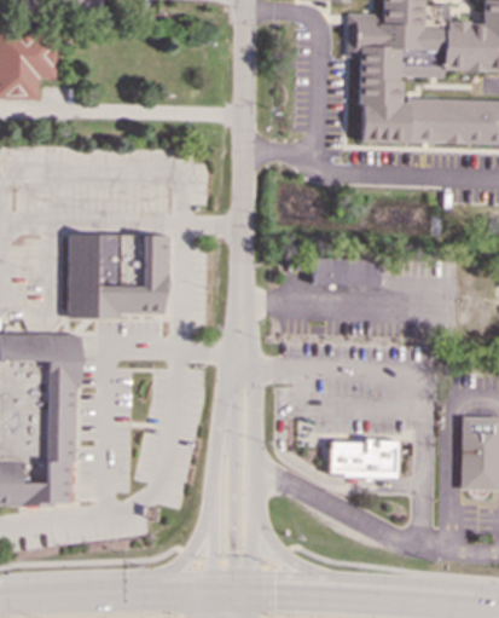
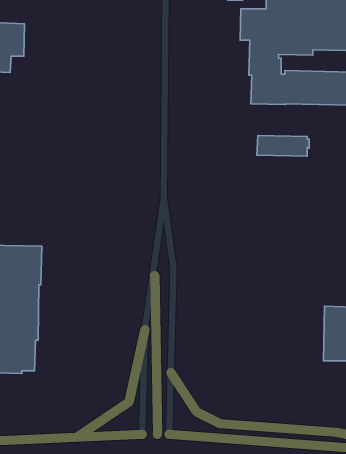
building: [66,233,168,319] -> none
building: [312,258,382,285] -> [257,136,309,156]
building: [327,438,398,478] -> none

